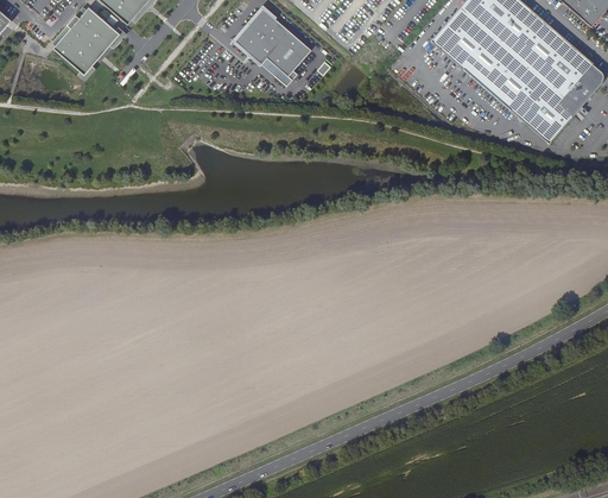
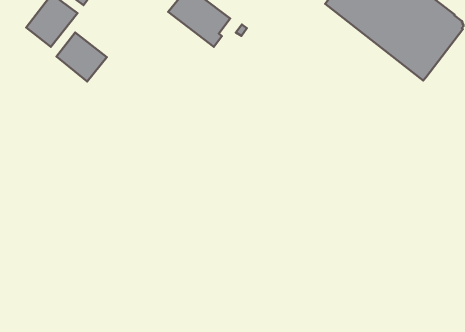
building: none -> [56,33,107,81]

